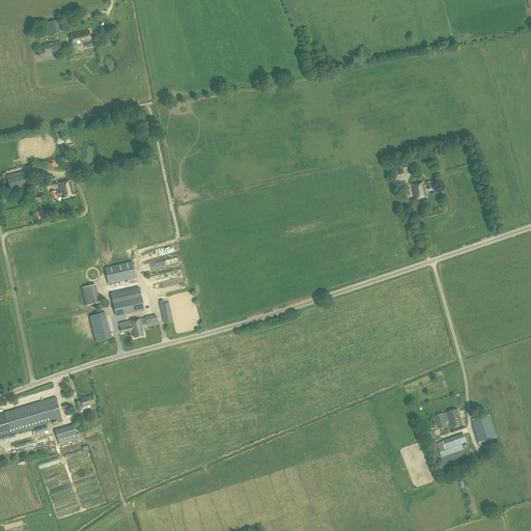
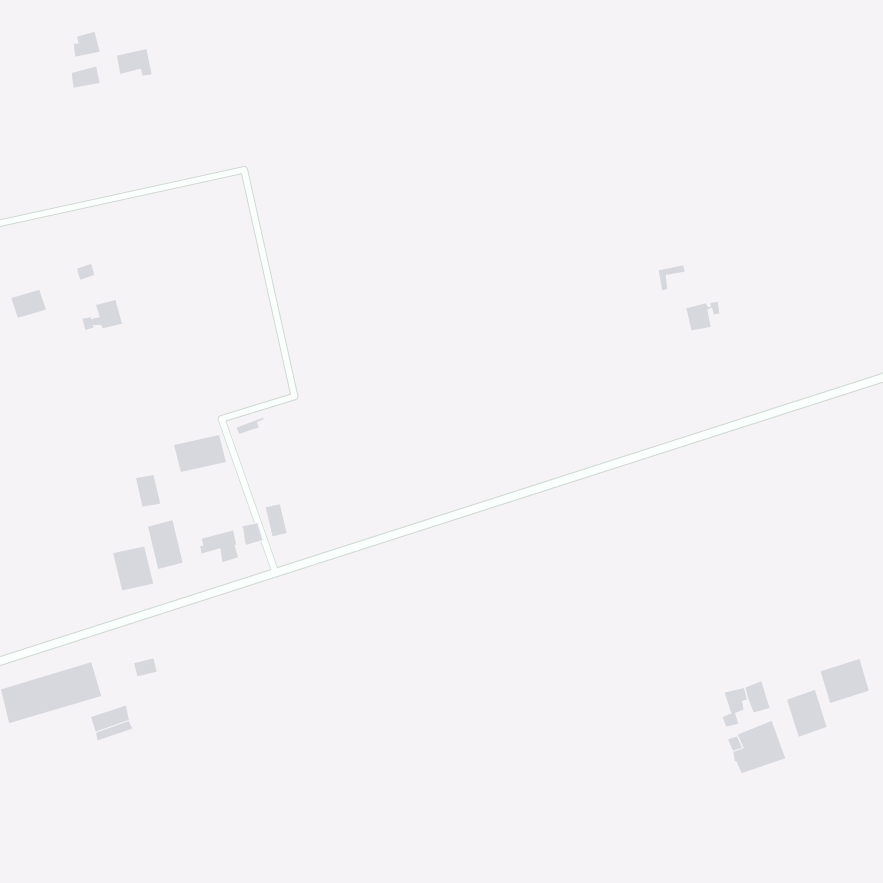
building: [109,281,143,314] -> none
building: none -> [112,546,154,591]
building: none -> [820,658,870,704]

